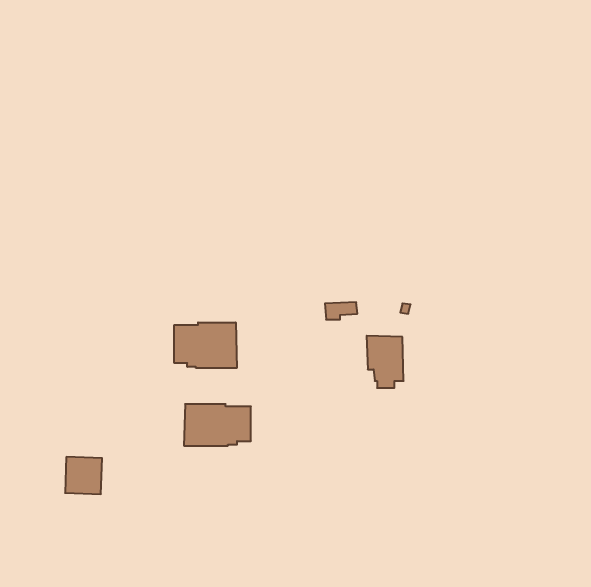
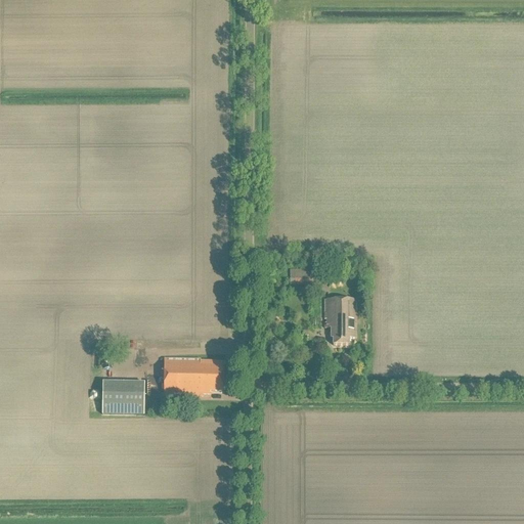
building: [174,322,237,368] -> none
building: [65,457,102,494] -> [101,381,134,413]

